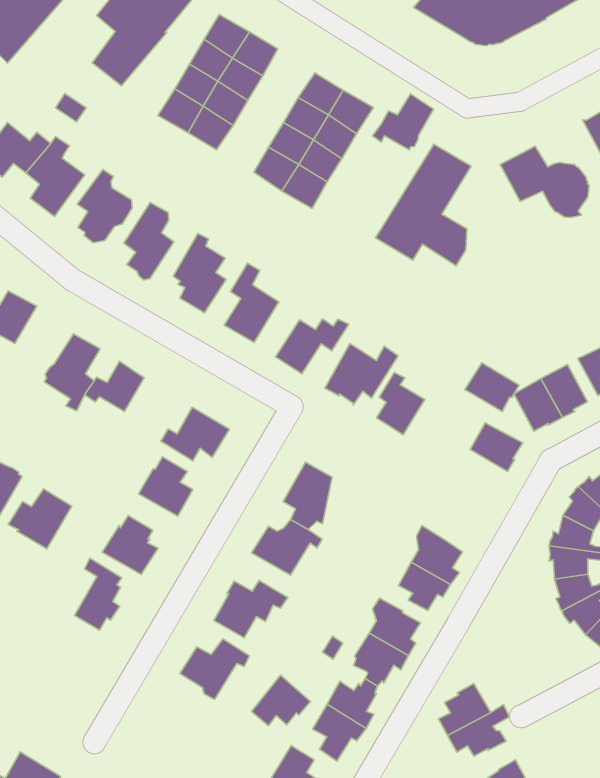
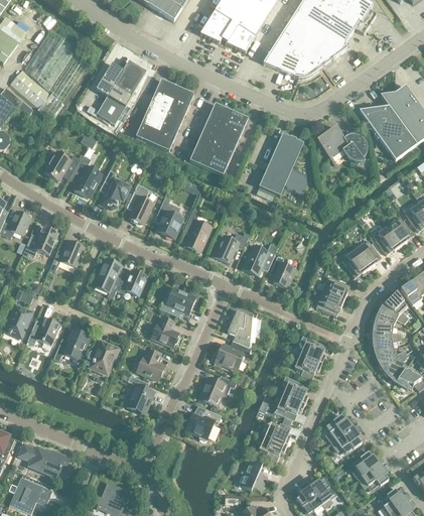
building: [372,94,434,150] -> none
building: [465,363,519,412] -> [315,290,343,314]
building: [251,675,310,726] -> none

